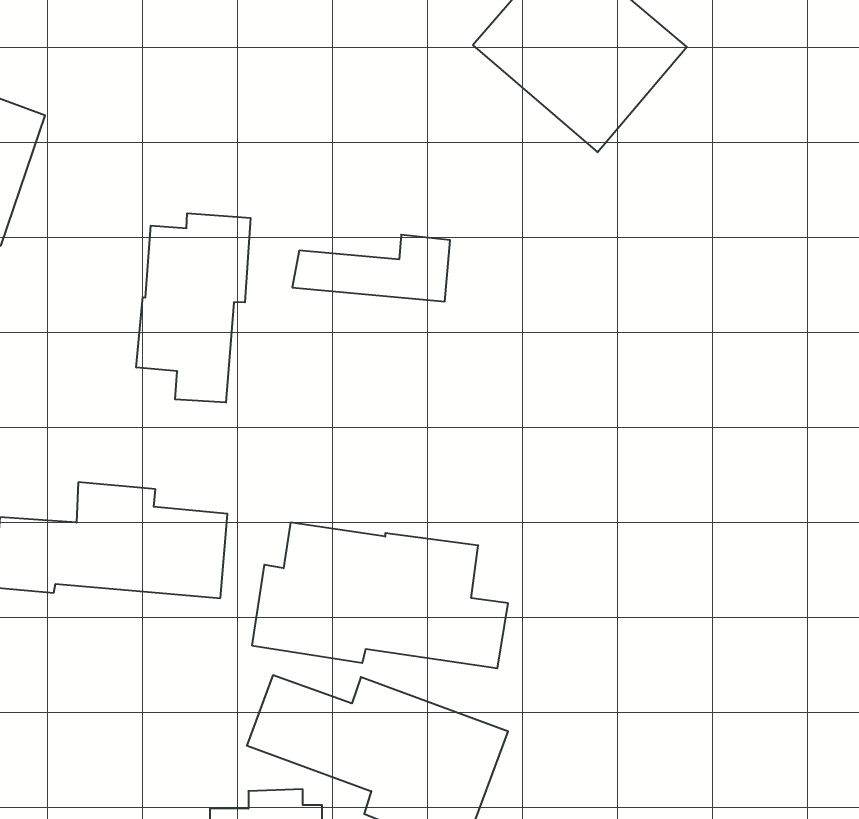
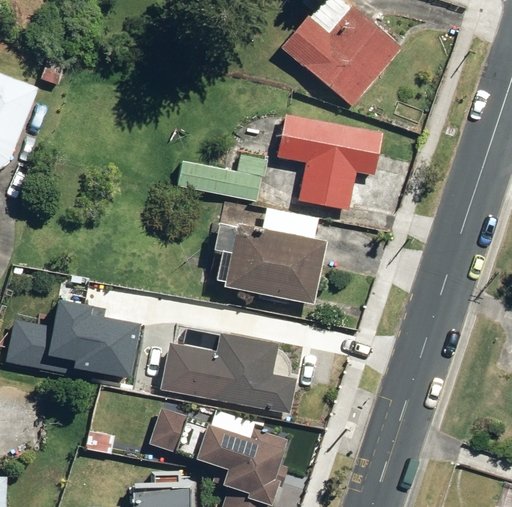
building: none -> [278,117,385,213]
building: [136,213,250,403] -> none
building: none -> [211,212,323,307]

